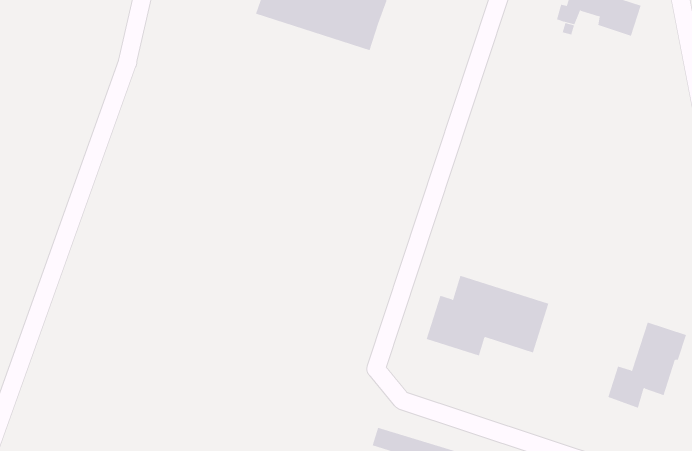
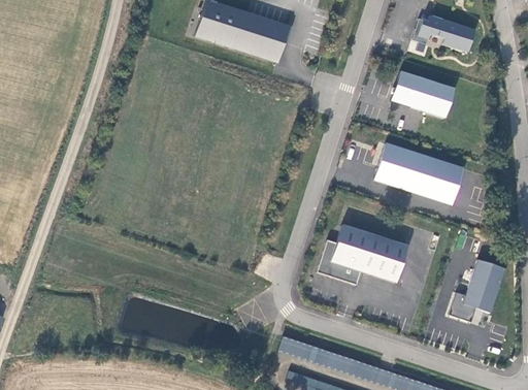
building: none -> [391,71,454,118]
building: none -> [374,143,463,204]

